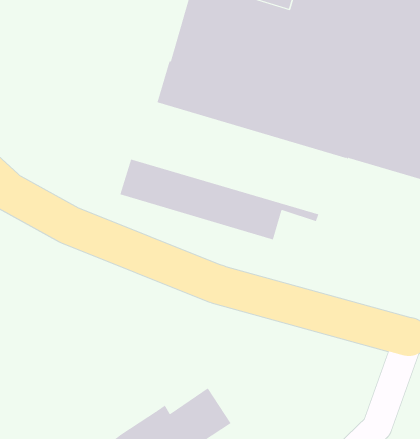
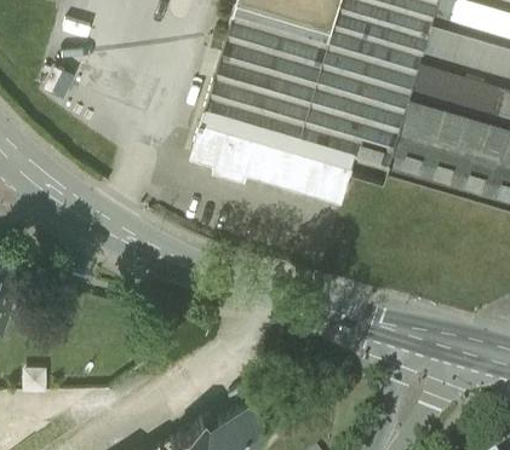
building: [119,159,319,240] -> [193,116,389,196]

